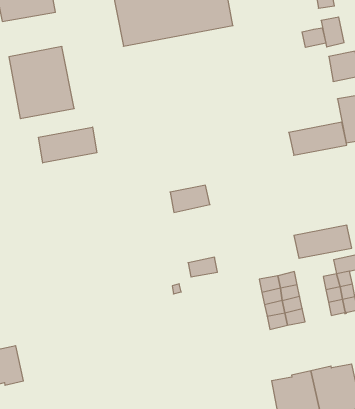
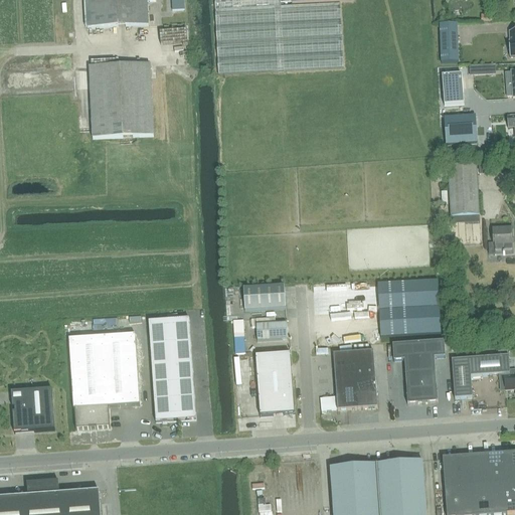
building: [302,28,326,47] -> none
building: [289,122,347,155] -> [375,278,438,307]
building: [39,127,97,163] -> none
building: [170,185,210,212] -> [242,283,285,308]
building: none -> [391,340,418,357]
building: none -> [148,315,195,418]
building: none -> [254,350,294,413]
building: none -> [68,332,139,426]

